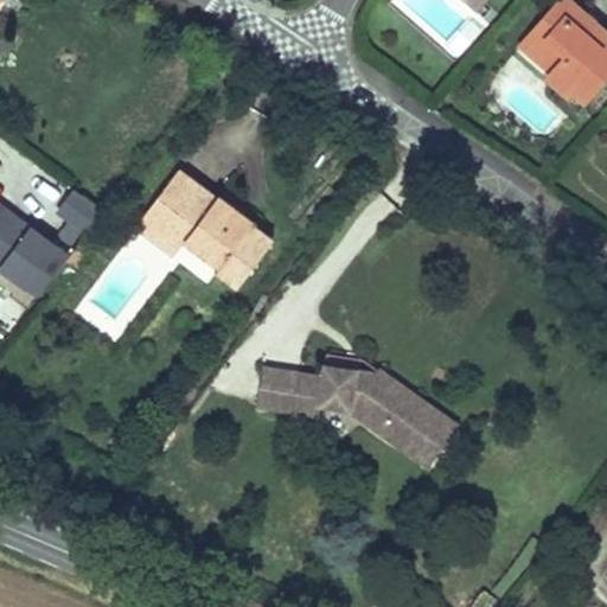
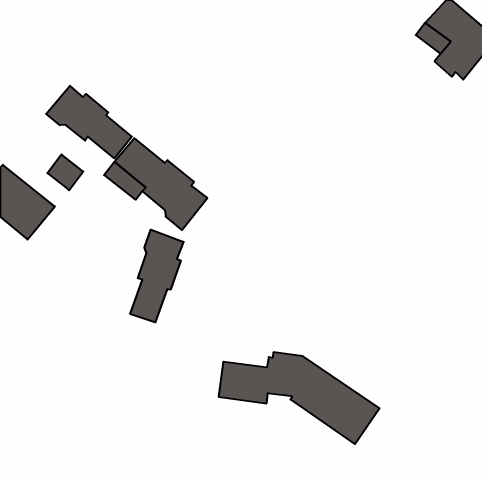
building: none -> [46,86,132,158]
building: none -> [130,230,184,322]
building: [260,352,461,467] -> [219,352,380,444]

